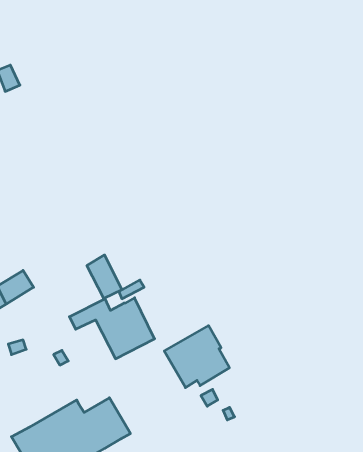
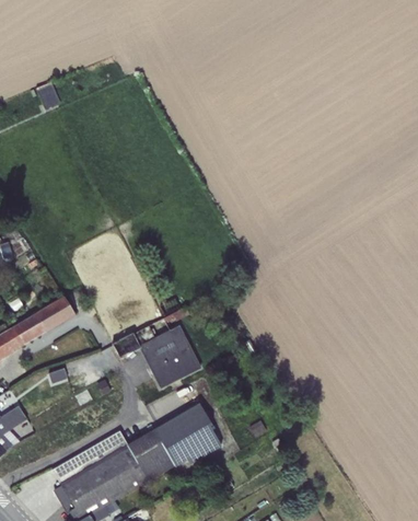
building: [87,255,122,299] -> none
building: [164,326,229,388] -> [153,403,221,467]

